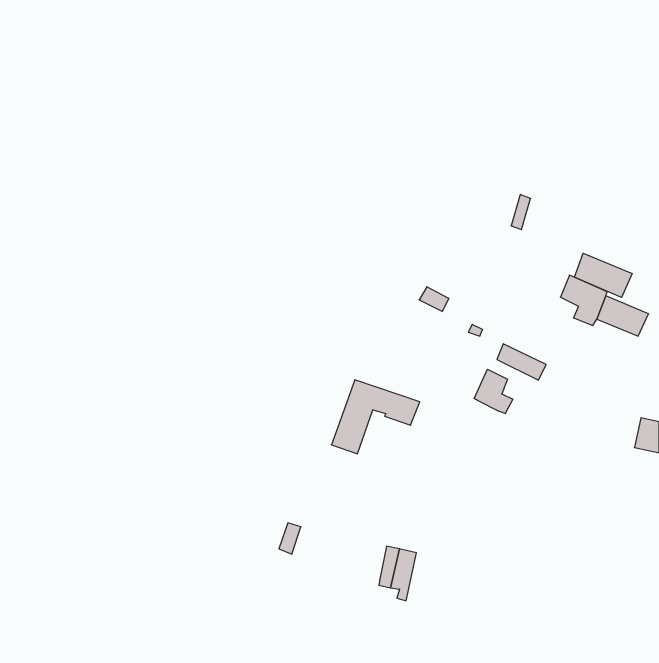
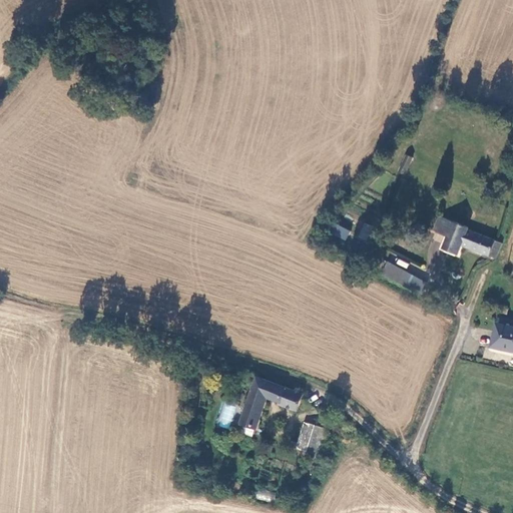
building: [574,253,632,297] -> none
building: [474,369,513,414] -> none
building: [331,380,420,454] -> [236,374,305,431]

